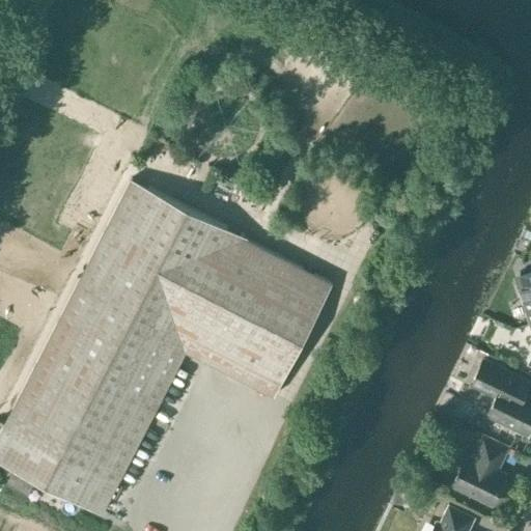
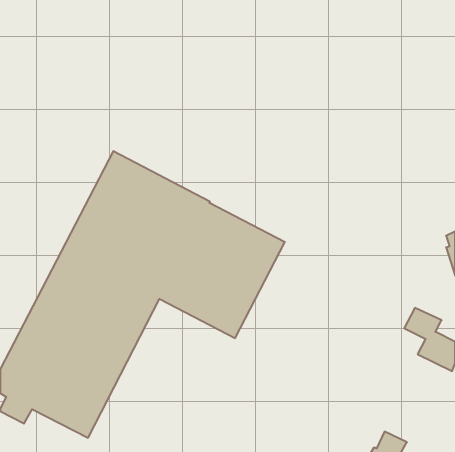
building: [451,438,507,507] -> none

